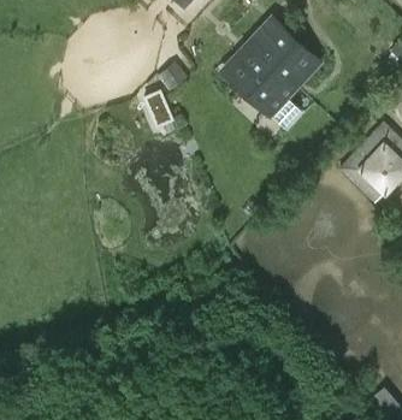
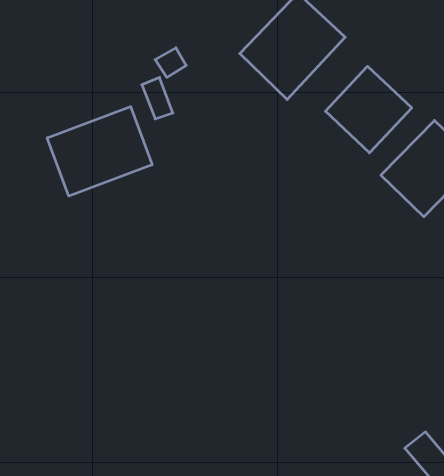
building: none -> [325,66,412,153]
building: none -> [47,107,152,196]

